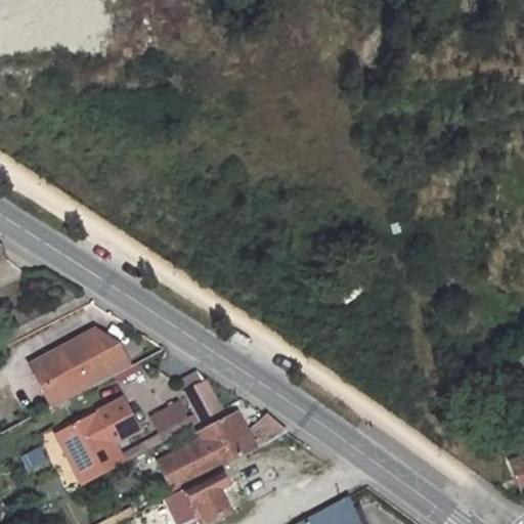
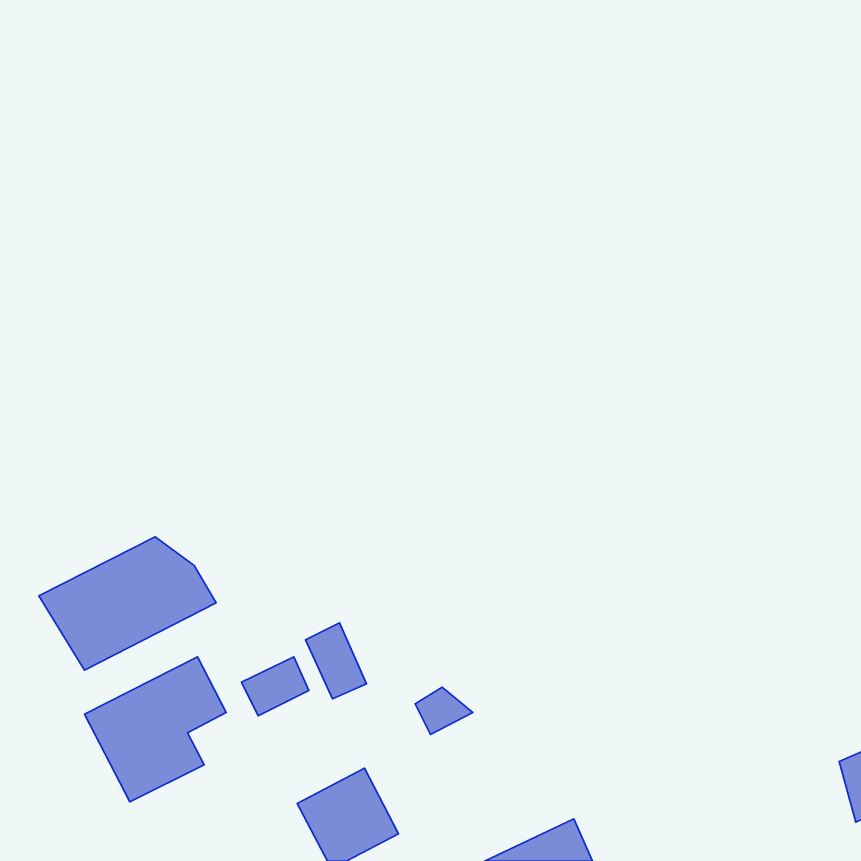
building: [155,410,259,492] -> none

